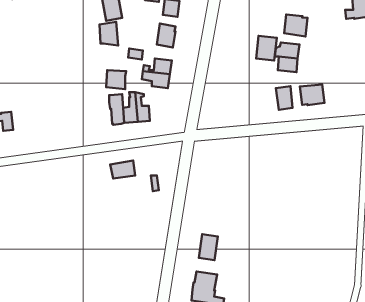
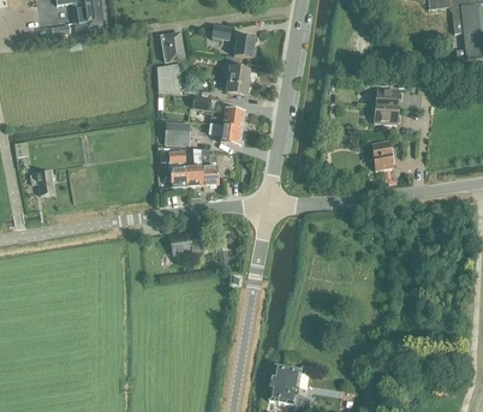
building: [284,14,307,37] -> none
building: [256,36,277,60] -> none
building: [300,84,325,105] -> none
building: [199,234,218,260] -> none

